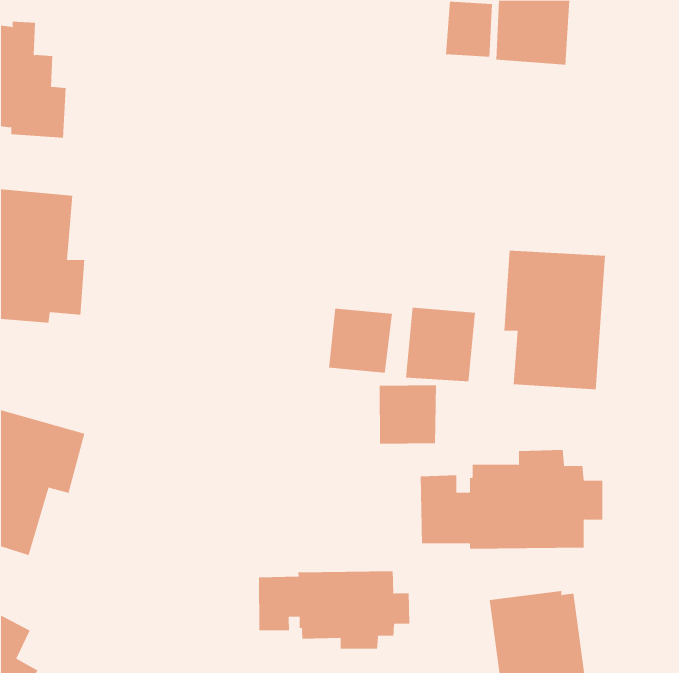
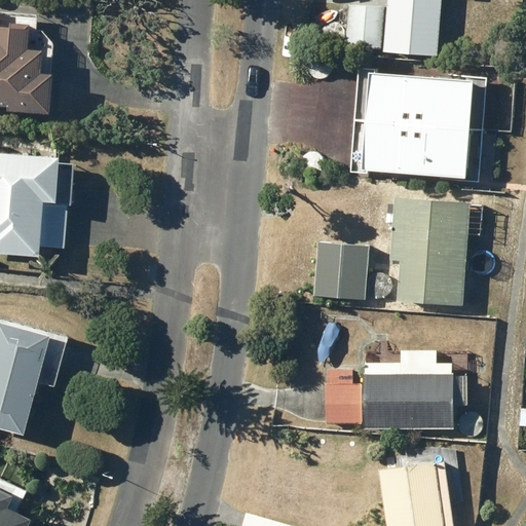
building: none -> [350,69,484,183]
building: [329,308,393,374] -> none
building: [379,385,437,445] -> none
building: [259,571,410,649] -> none

